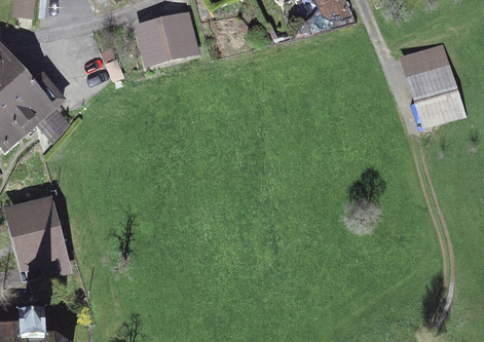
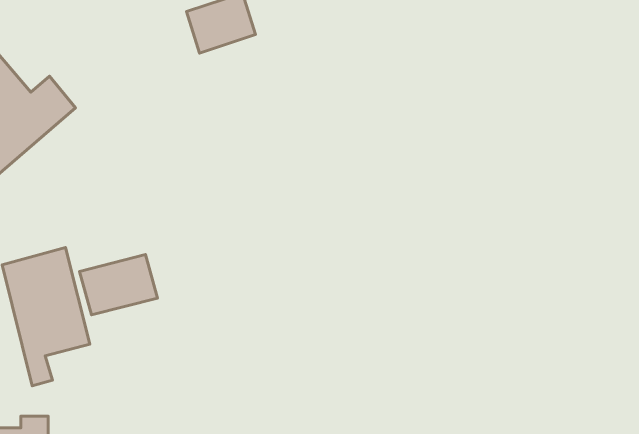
building: [406,44,453,116] -> none
building: none -> [79,255,158,315]

